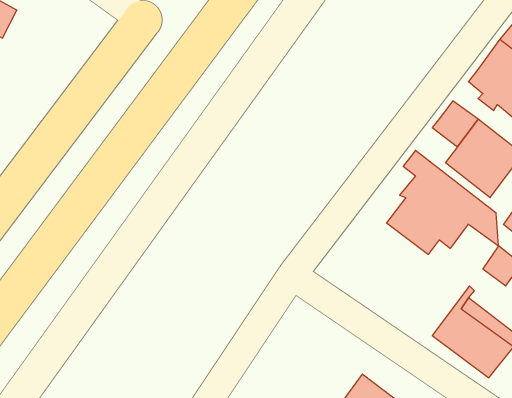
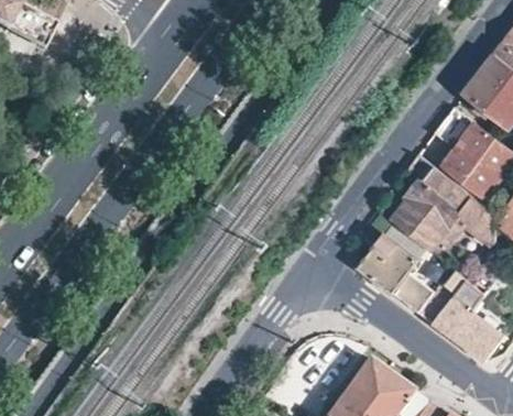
building: none -> [359,233,468,321]

